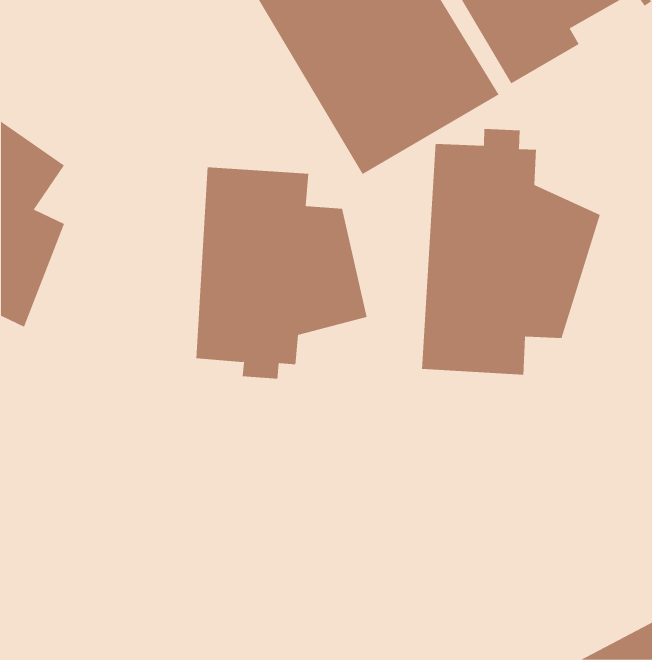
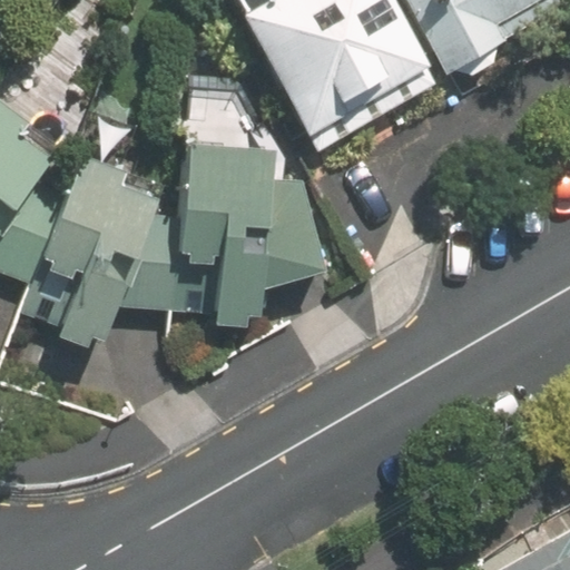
building: [422,128,601,375] -> none
building: none -> [24,153,178,348]

